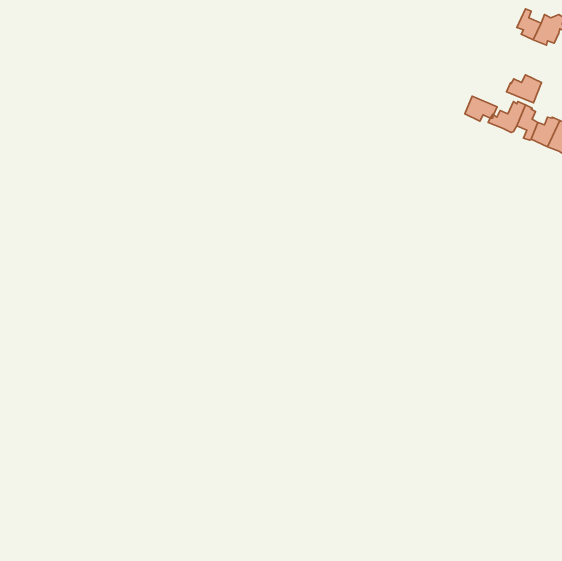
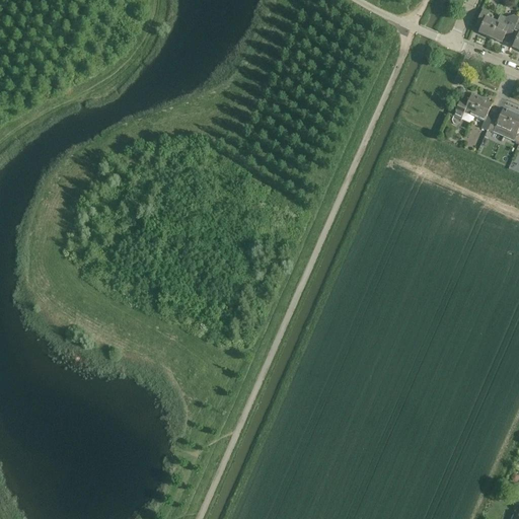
building: [507,75,542,103] -> none
building: [465,96,497,121] -> none

